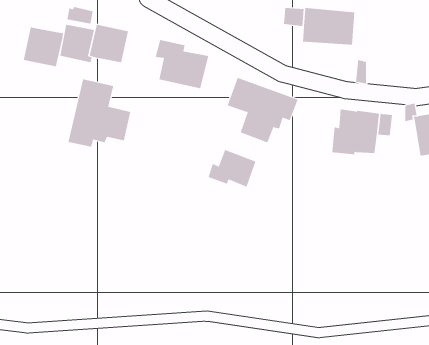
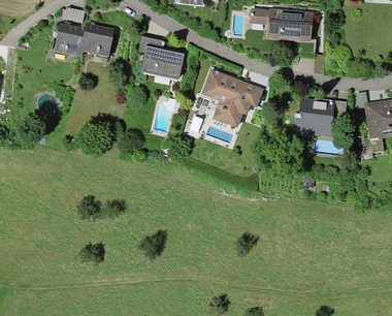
building: [23,26,63,67] -> none
building: [68,78,131,147] -> none
building: [208,149,256,188] -> none

